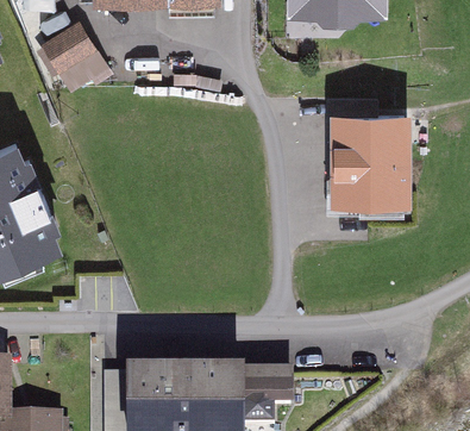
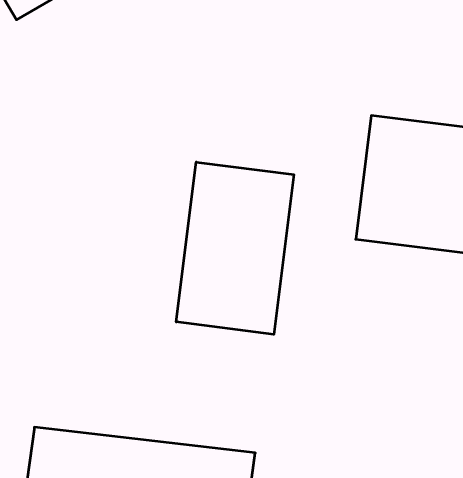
building: none -> [176,162,294,334]

